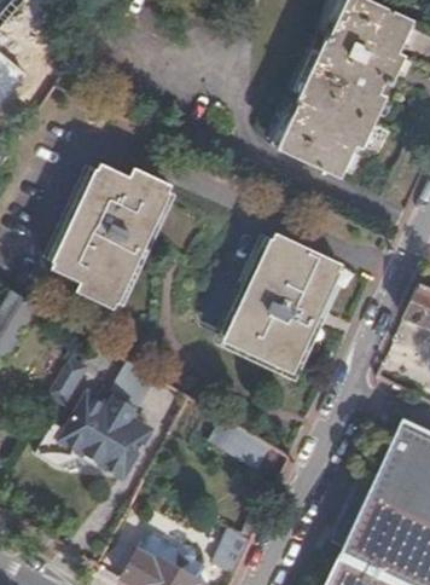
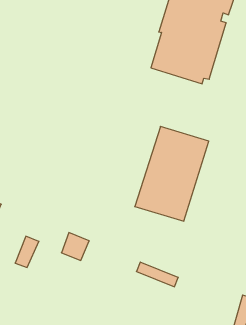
building: [48,166,167,307] -> none
building: [58,395,146,476] -> none

